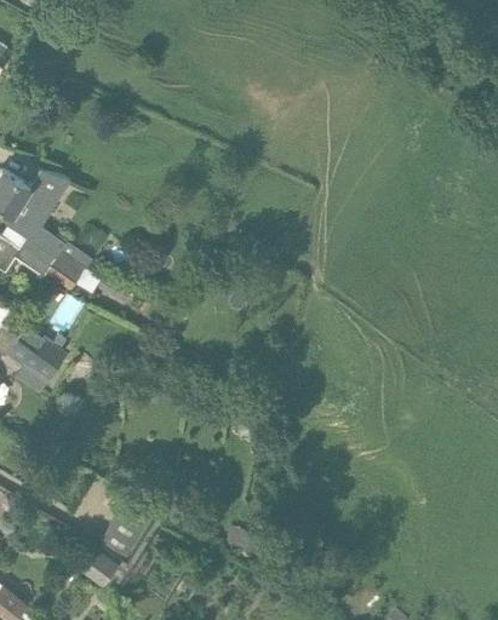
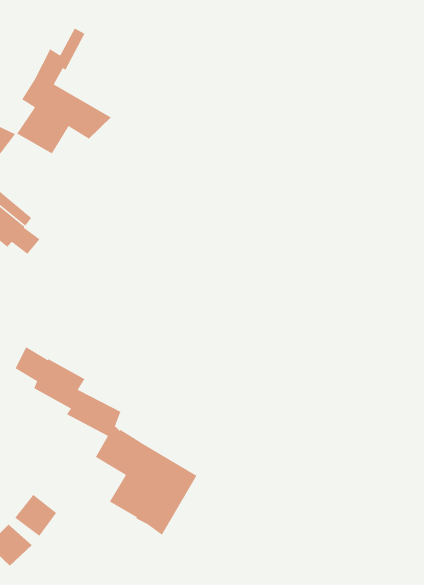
building: none -> [16,27,112,155]
building: none -> [15,346,198,536]

